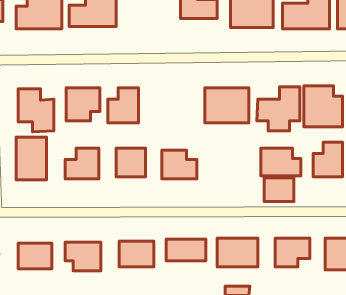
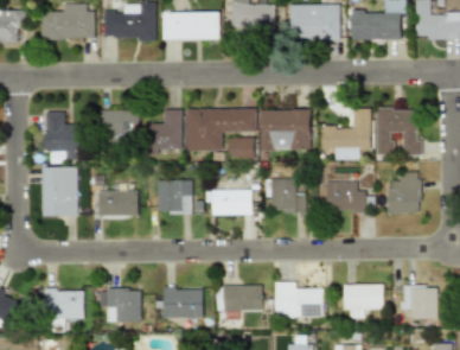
building: none -> [164,12,219,40]
building: none -> [186,108,256,157]
building: [264,178,294,201] -> [271,184,306,211]

